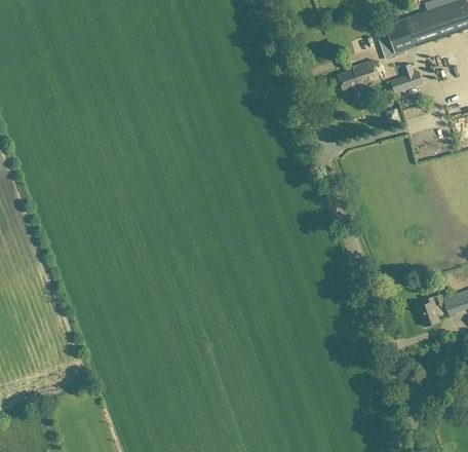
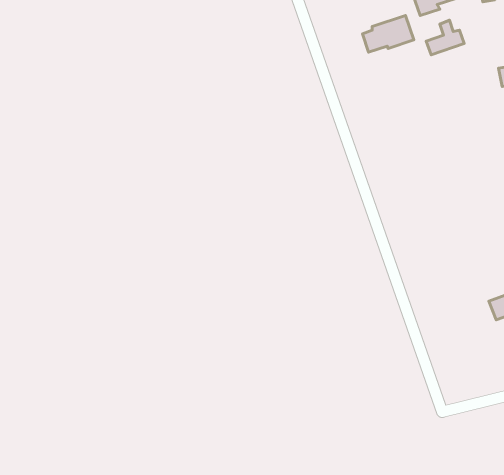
building: [417,296,439,325] -> none

